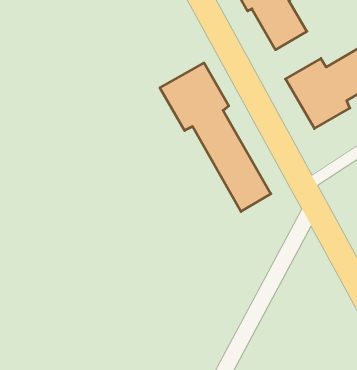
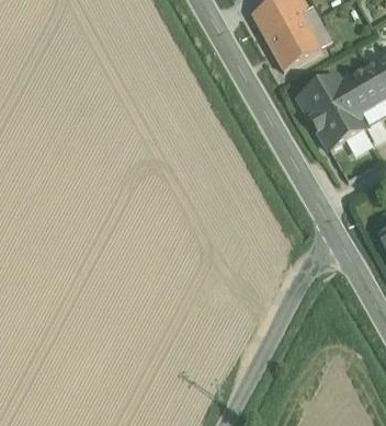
building: [160,63,271,212] -> none

